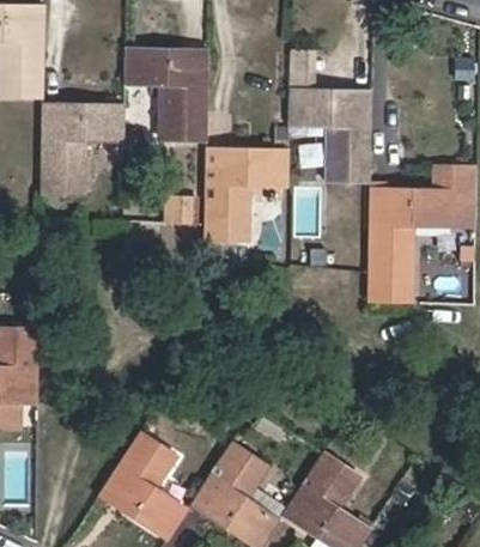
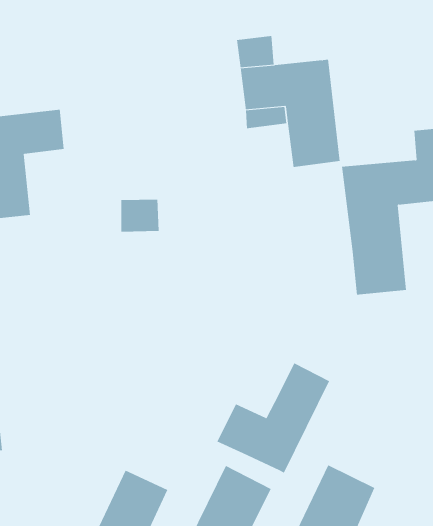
building: [124,48,206,141] -> none
building: [203,148,287,241] -> none
building: none -> [216,363,330,474]

